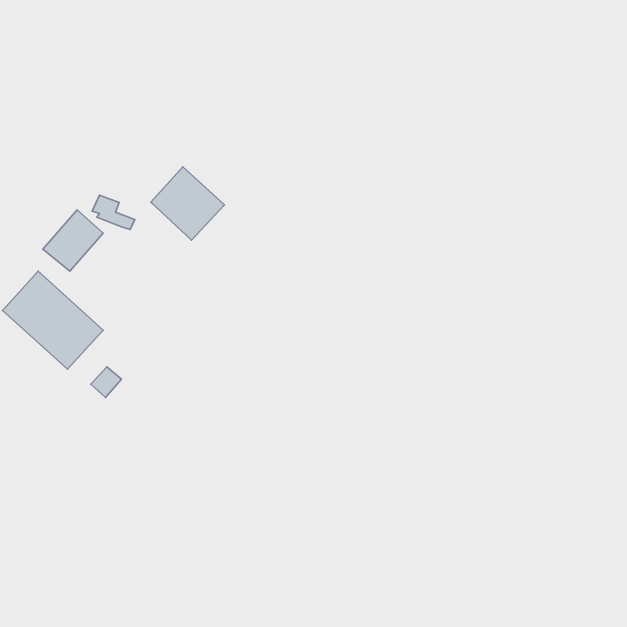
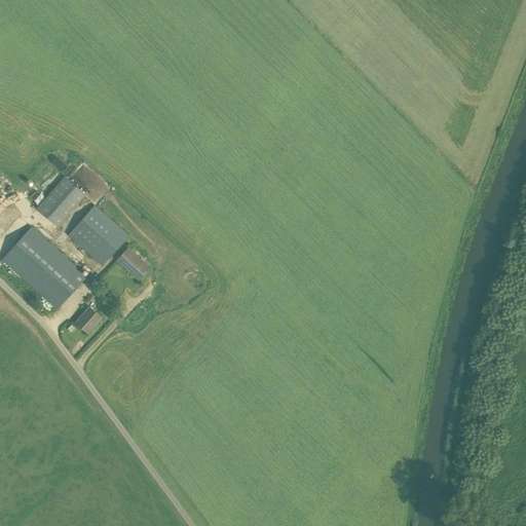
building: [151,167,225,240] -> [68,204,129,266]
building: none -> [117,249,149,279]

